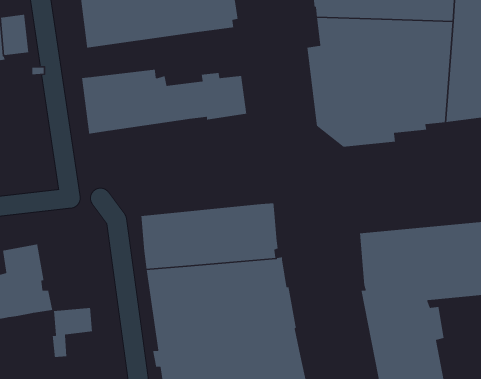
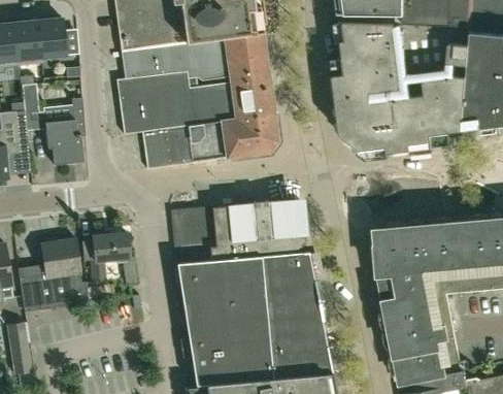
building: none -> [121,31,269,79]
building: none -> [44,97,86,163]
building: none -> [141,113,277,168]
building: [52,307,93,358] -> [90,233,129,282]

